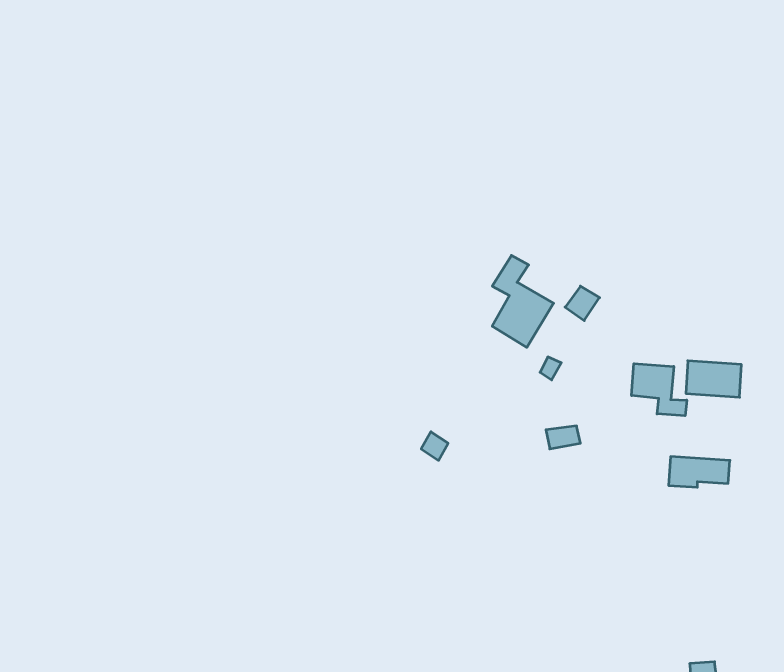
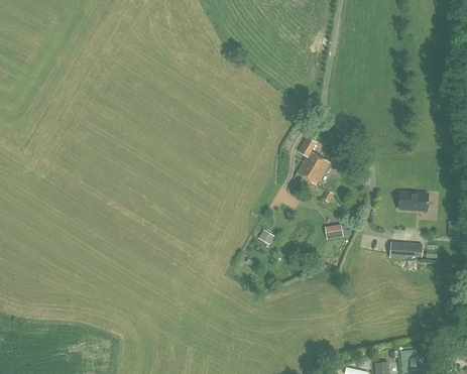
building: [632,364,687,416] -> none

